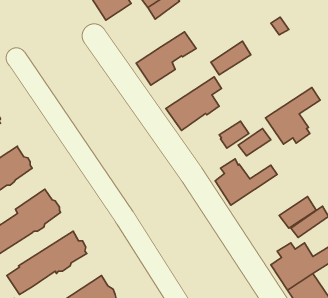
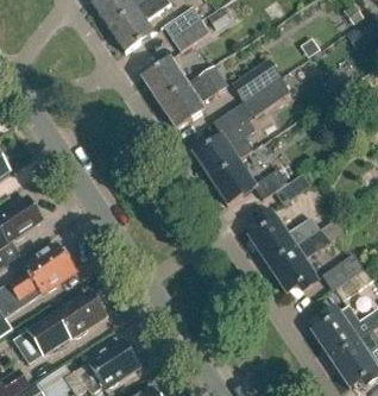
building: none -> [144,56,189,101]
building: none -> [232,57,281,100]
building: [266,87,320,144] -> [267,227,329,291]
building: none -> [212,158,257,205]

